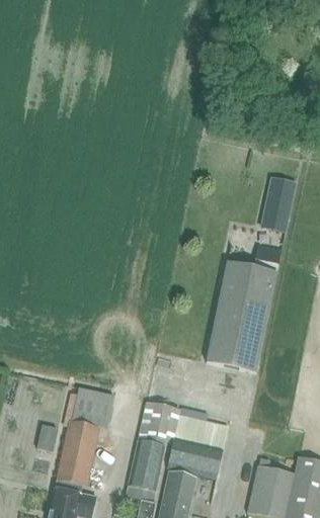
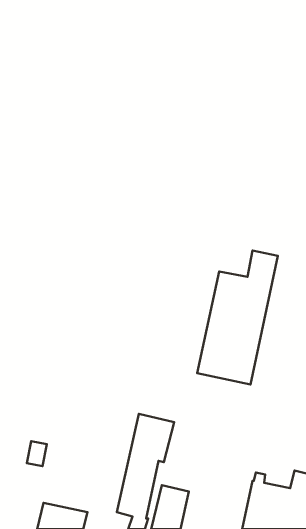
building: [262,179,295,229] -> none
building: [58,387,114,487] -> none
building: [167,407,229,478] -> none

